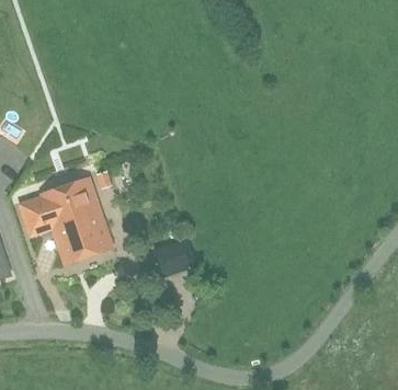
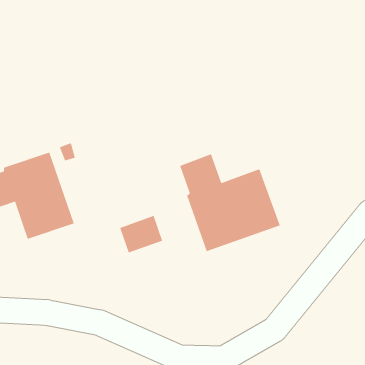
building: none -> [179,153,281,252]

